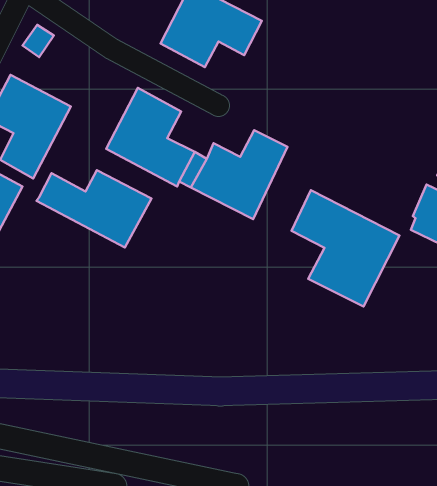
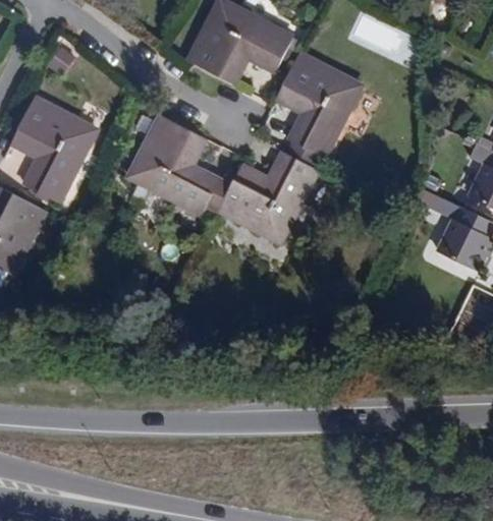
building: none -> [277,50,363,169]
building: [37,170,152,247] -> none
building: [292,190,400,307] -> none

